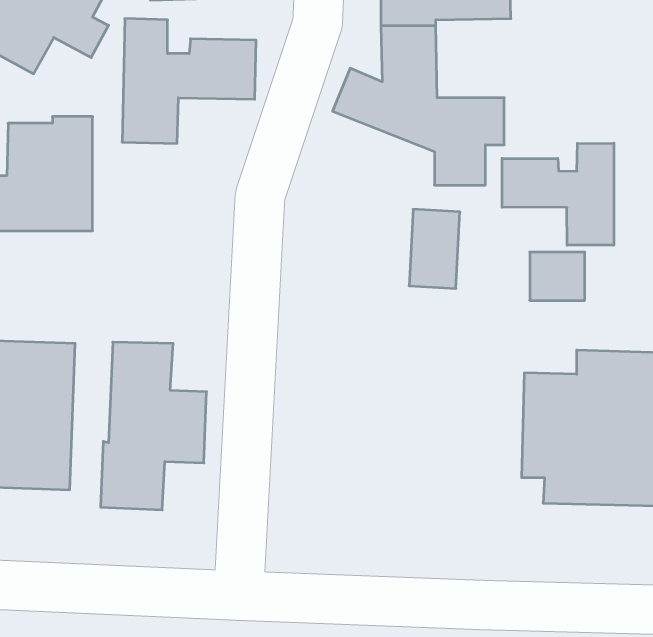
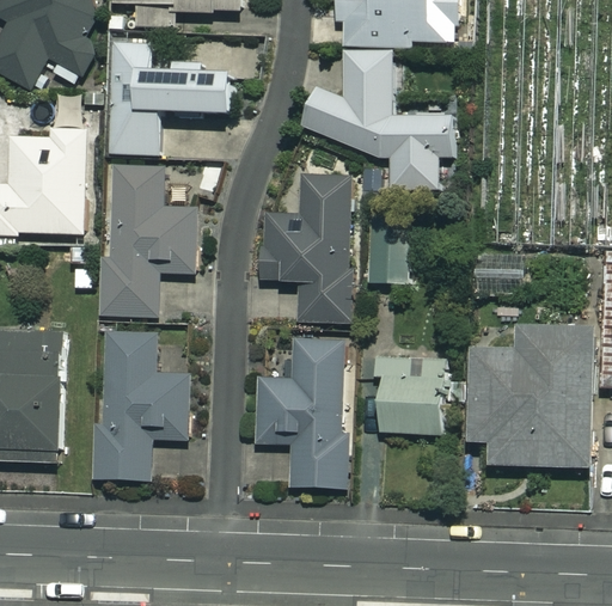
building: [502,143,614,245] -> none
building: none -> [99,164,197,316]
building: none -> [262,175,349,320]
building: none -> [255,337,344,486]
building: none -> [371,348,445,431]

